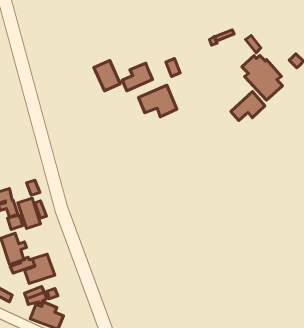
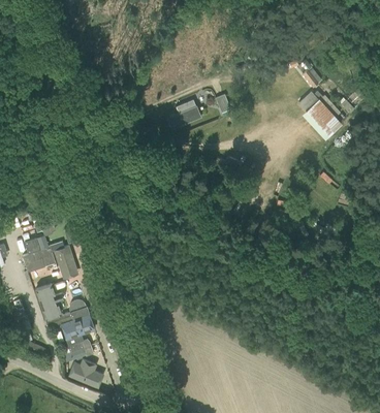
building: [94,60,120,91] -> none
building: [138,85,177,117] -> none
building: [231,92,265,121] -> none

